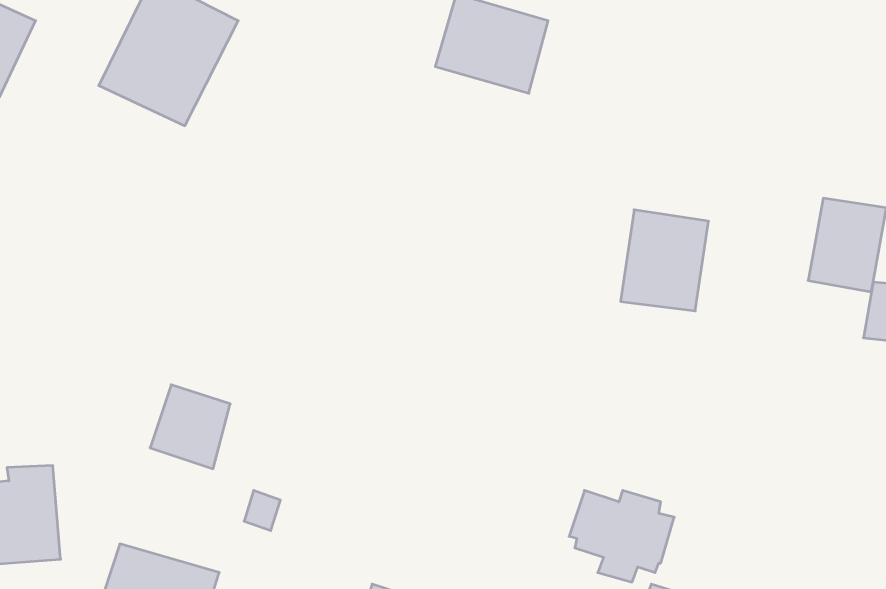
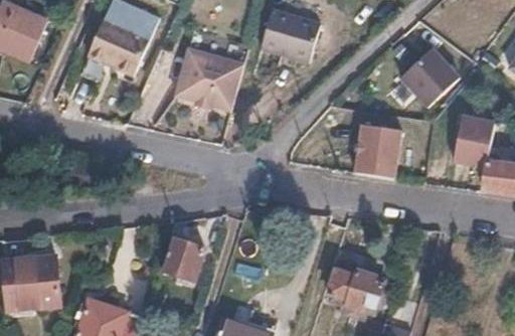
building: none -> [393,37,452,97]
building: none -> [171,48,240,112]
building: [150,385,230,469] -> [164,233,206,278]

